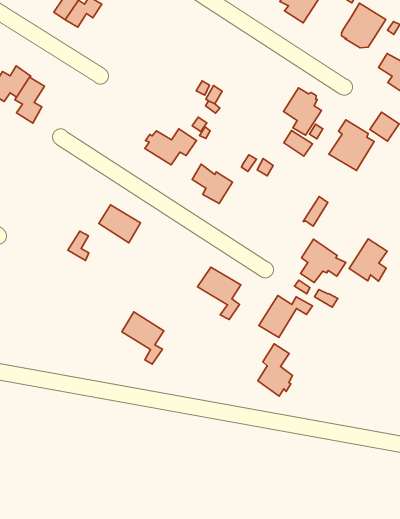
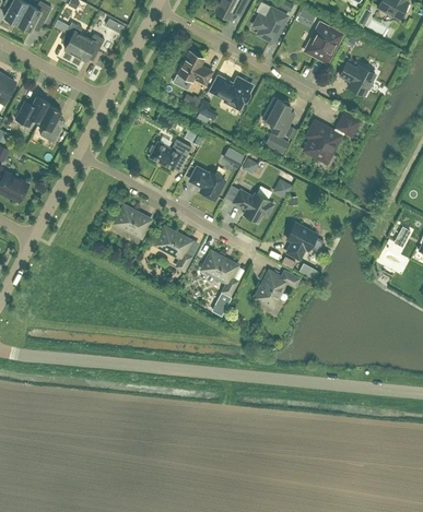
building: none -> [177,50,212,83]
building: none -> [210,75,251,107]
building: none -> [233,189,273,221]
building: [349,239,387,281] -> none
building: [122,312,164,364] -> [155,226,190,269]
building: [258,344,292,396] -> none

